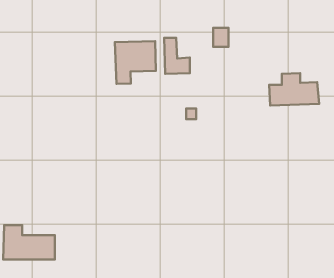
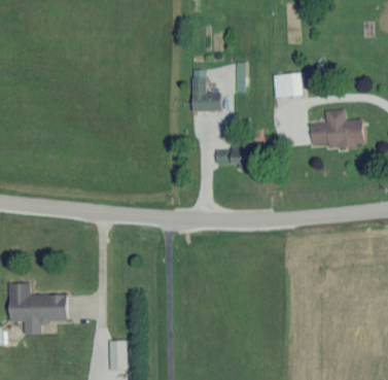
building: [213,28,229,47] -> [286,73,304,95]
building: [115,41,156,84] -> none

